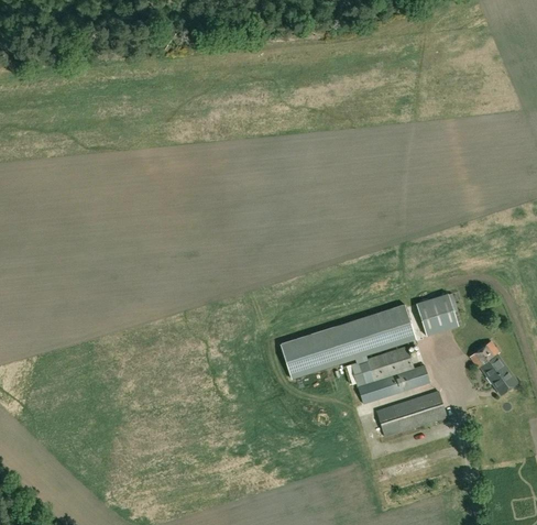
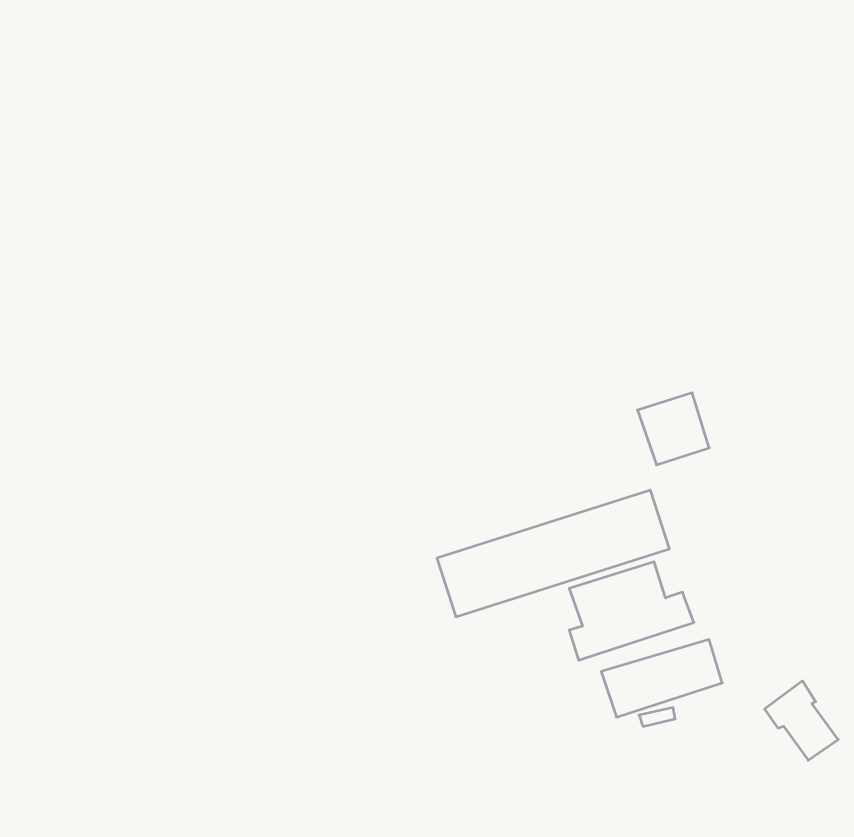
building: [415,294,457,336] -> [637,393,709,465]
building: [469,340,512,386] -> [765,681,838,760]

